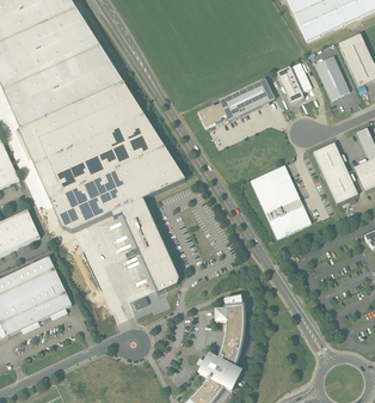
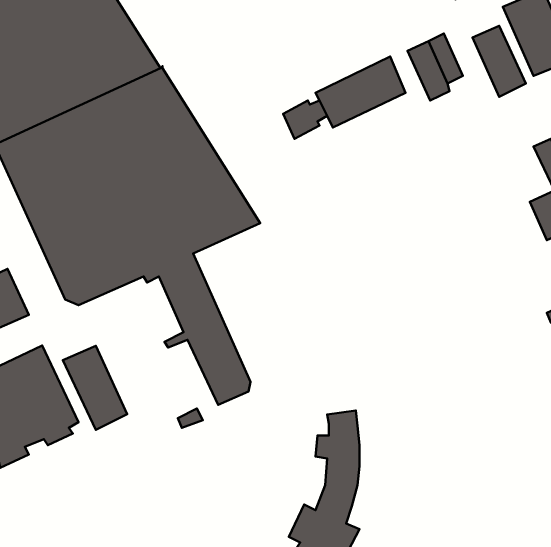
building: [312,141,357,203] -> none
building: [250,165,309,237] -> none
building: none -> [63,346,127,430]

